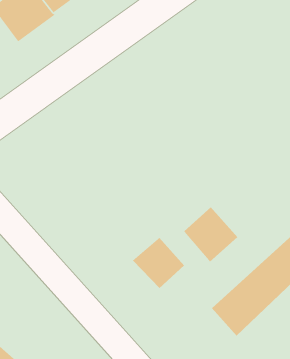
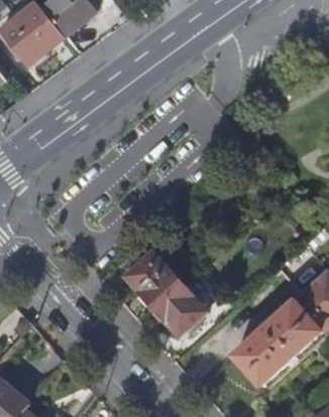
building: [184,206,238,263] -> none
building: none -> [123,247,178,300]

